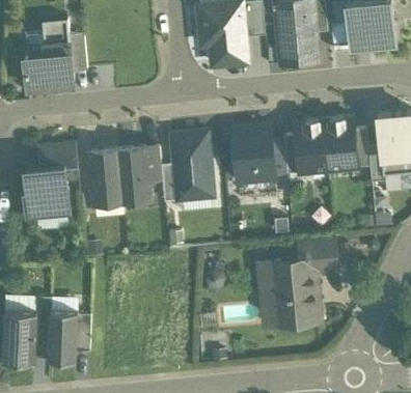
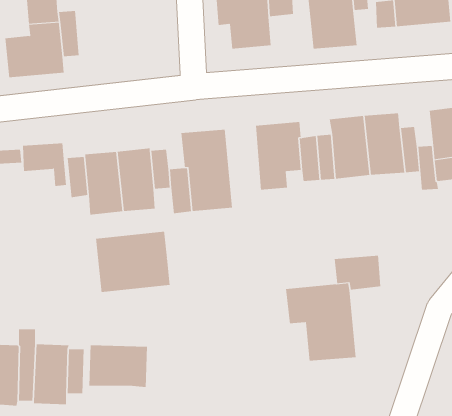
building: [26,165,70,215] -> none
building: none -> [96,231,170,293]
building: none -> [89,345,148,388]

